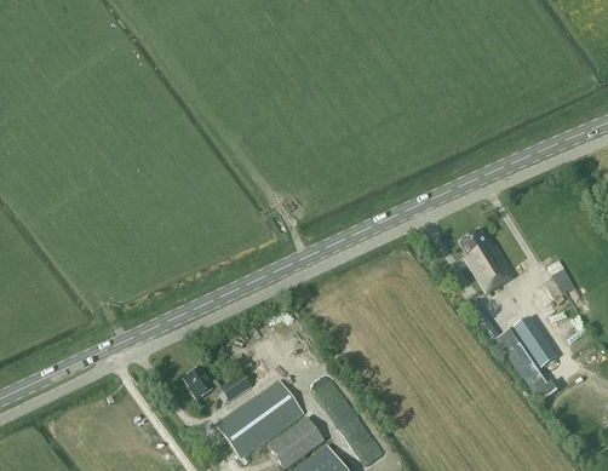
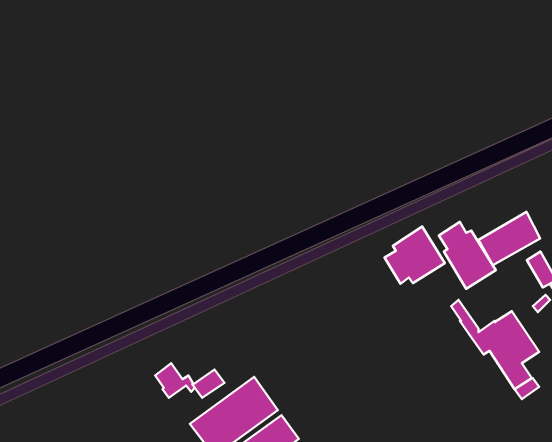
building: none -> [478,212,540,265]
building: none -> [385,227,445,284]

